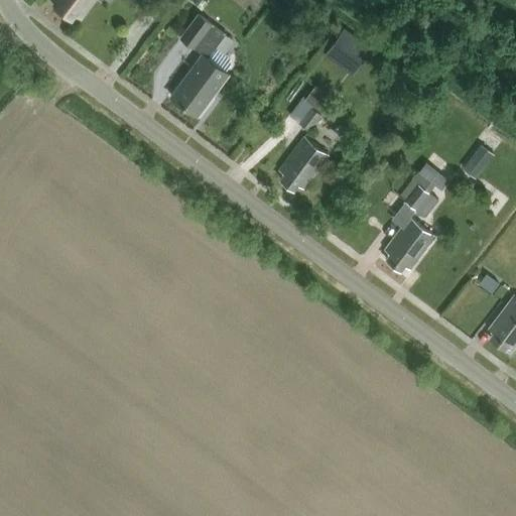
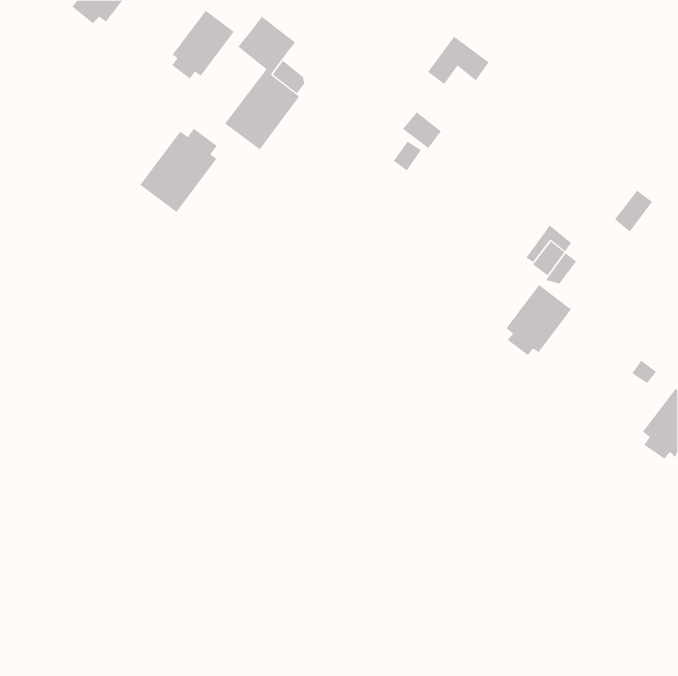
building: none -> [171,10,235,79]
building: none -> [139,128,217,213]
building: [278,137,329,190] -> none

